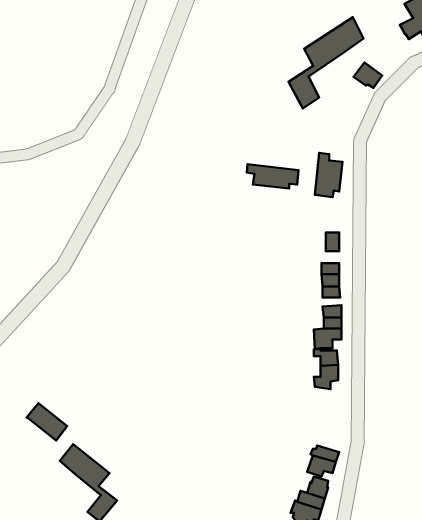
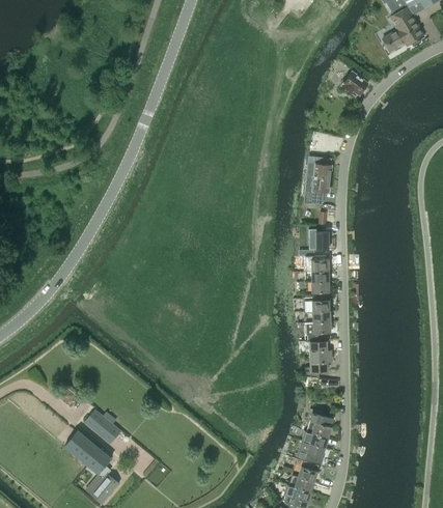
building: [288,17,364,109] -> none
building: [247,164,298,189] -> none
building: [26,403,67,441] -> [83,407,121,443]
building: none -> [307,413,331,438]

